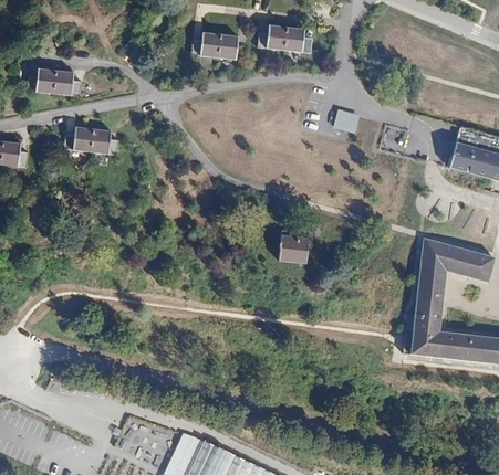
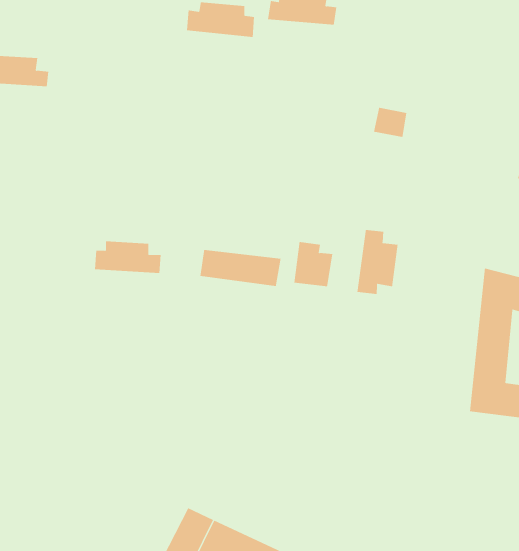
building: [61,126,115,152] -> [94,241,161,274]
building: none -> [357,229,398,295]
building: none -> [200,249,281,287]

